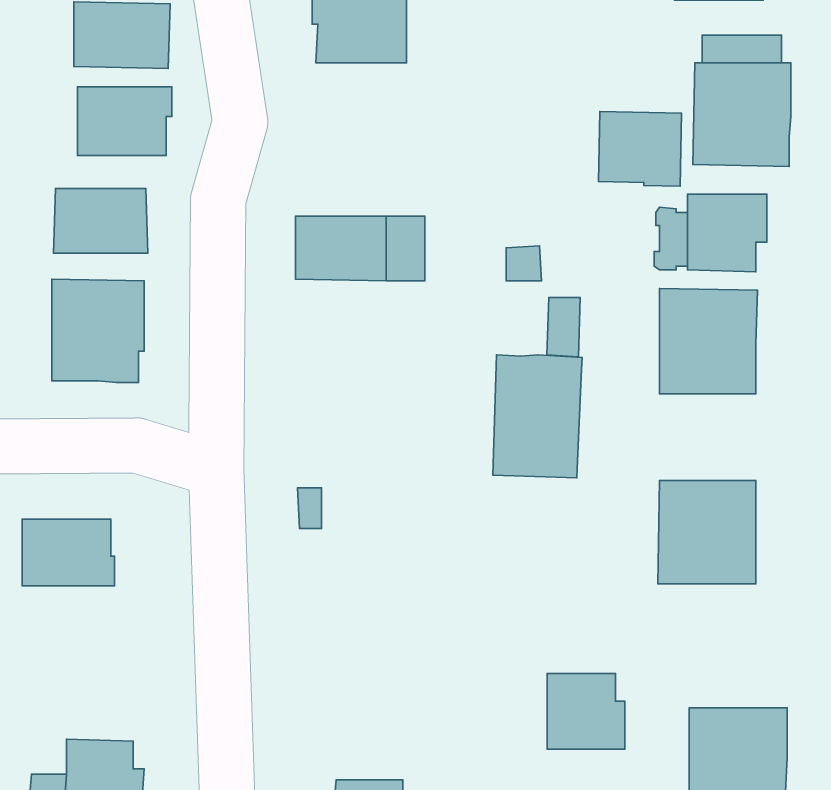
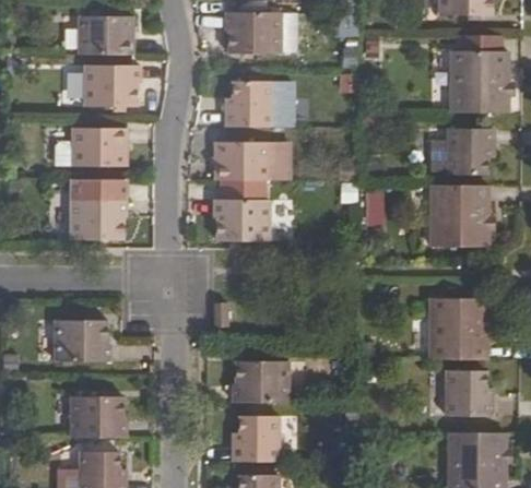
building: [599,112,681,186] -> none
building: none -> [224,81,291,127]
building: none -> [213,200,268,240]
building: [493,355,582,478] -> none
building: none -> [232,361,287,402]
building: none -> [70,396,126,438]
building: [547,674,625,749] -> [445,371,491,416]
building: none -> [232,416,278,462]

